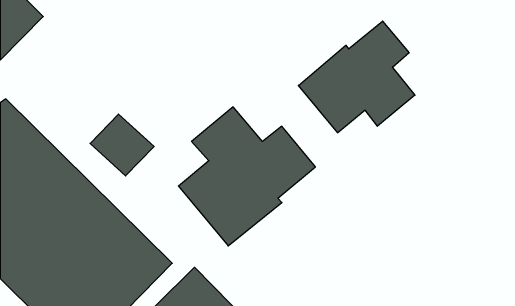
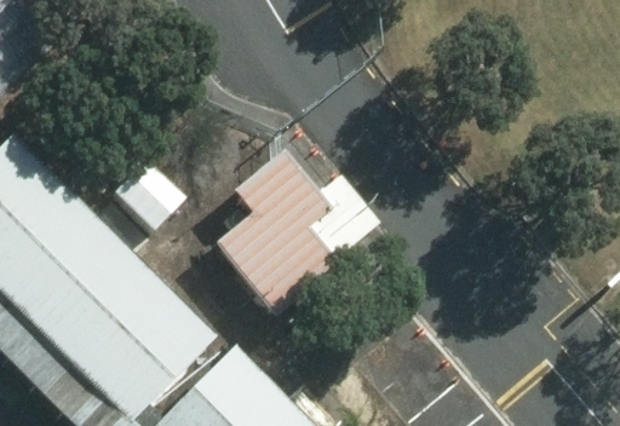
building: [298,21,415,133] -> none

